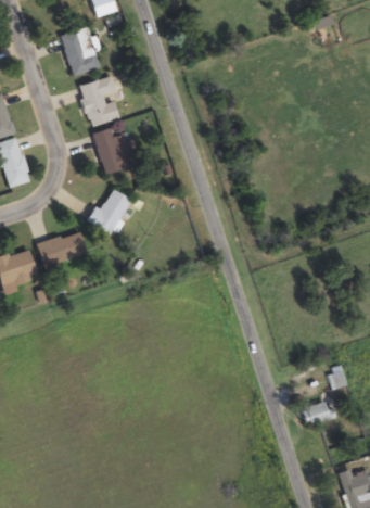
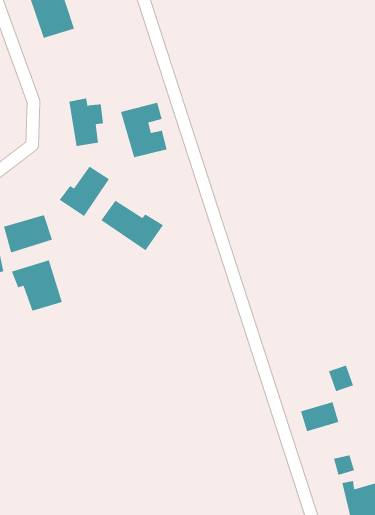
building: [78,76,120,126] -> [120,102,167,158]
building: none -> [101,200,164,251]
building: none -> [11,260,63,311]

